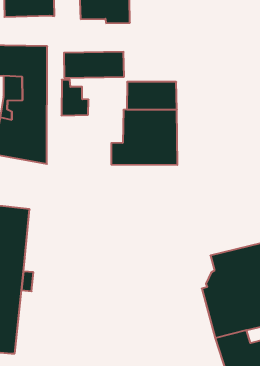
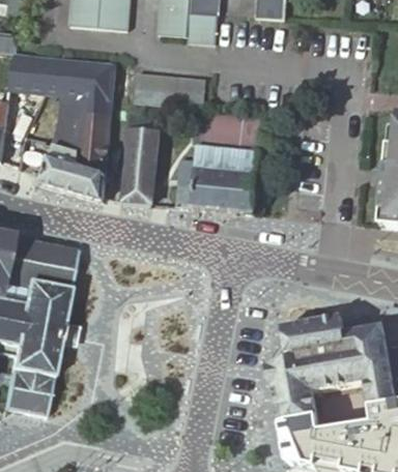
building: none -> [121,144,157,203]

